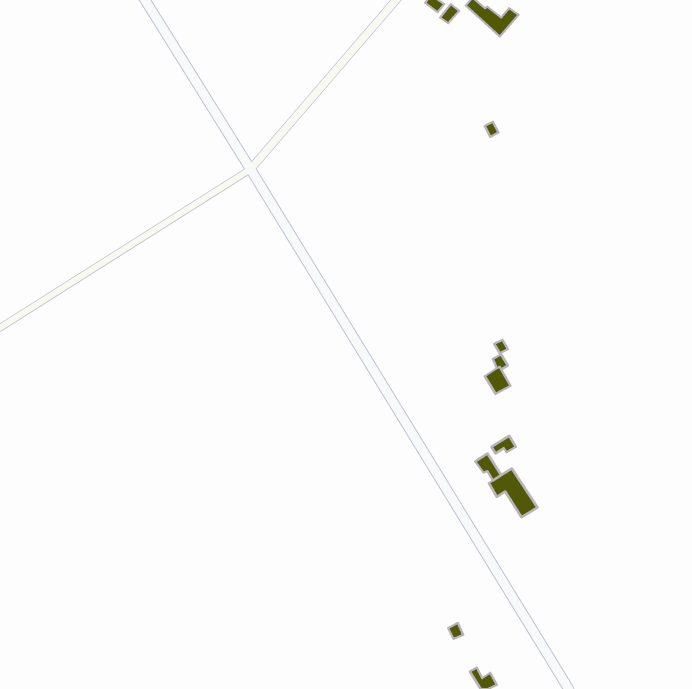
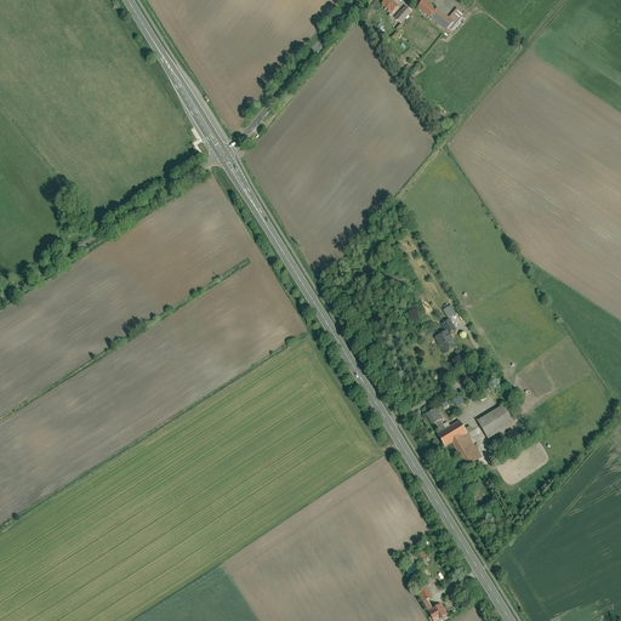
building: none -> [478,404,513,437]

